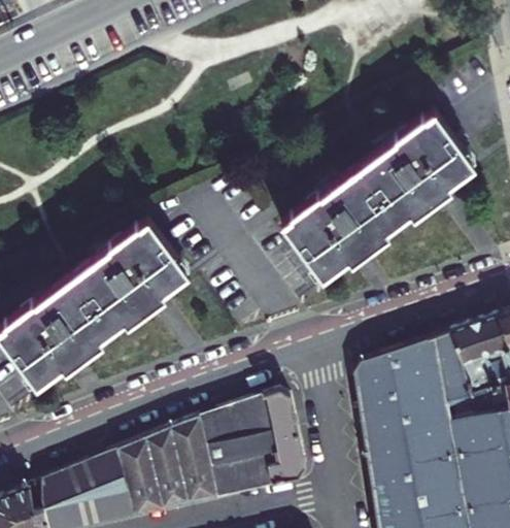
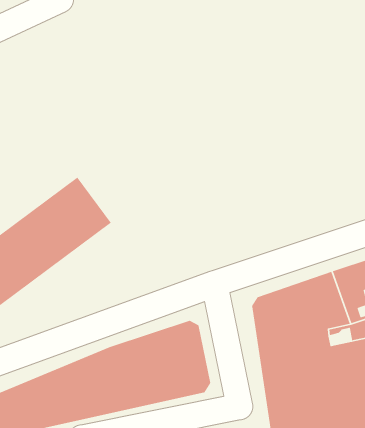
building: [280,112,474,280] -> none

